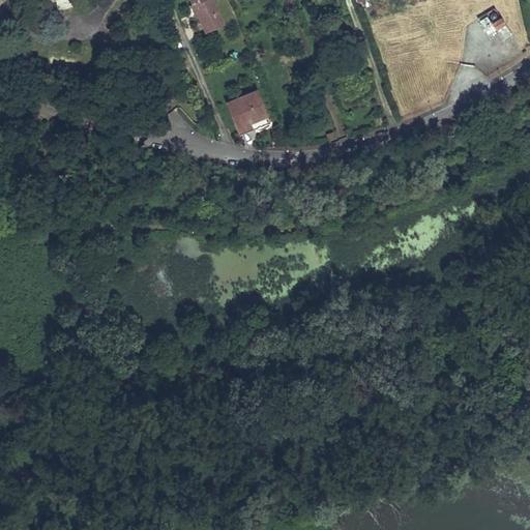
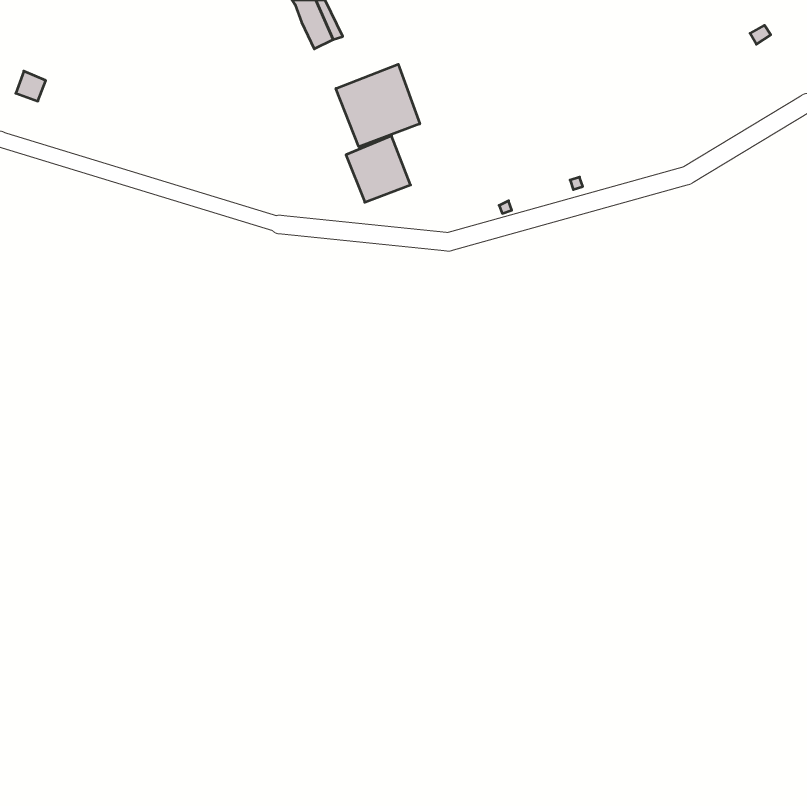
building: none -> [336,64,420,147]

